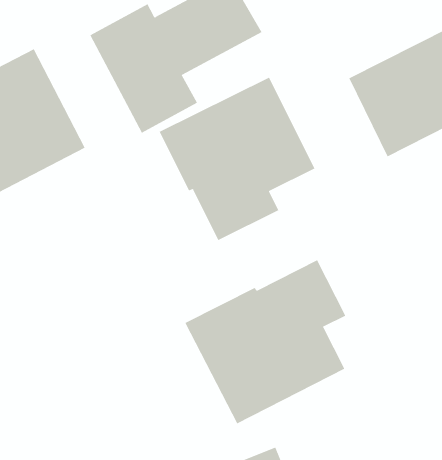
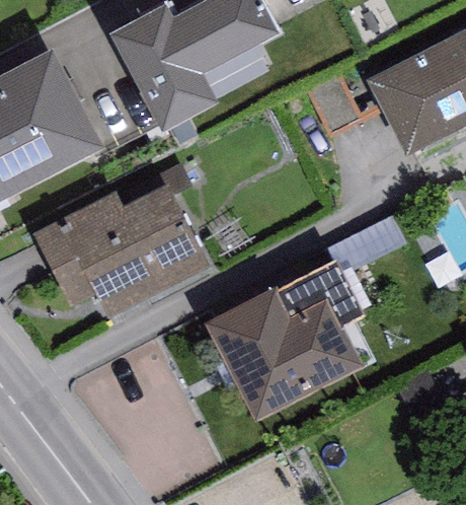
building: [159,77,315,241] -> none
building: none -> [33,182,211,315]

